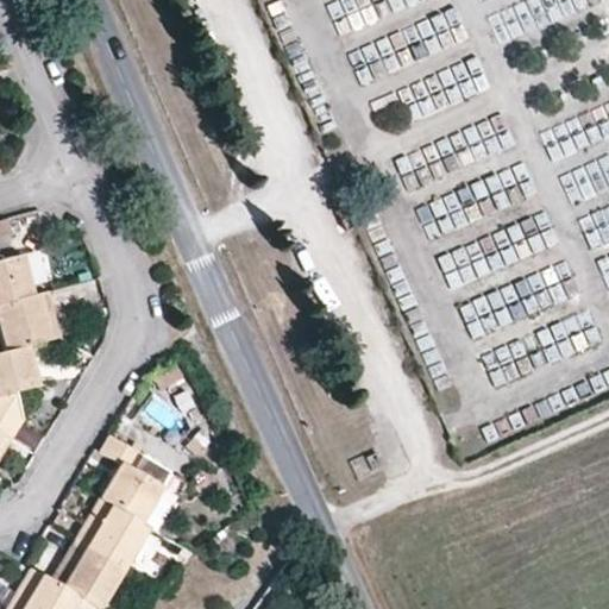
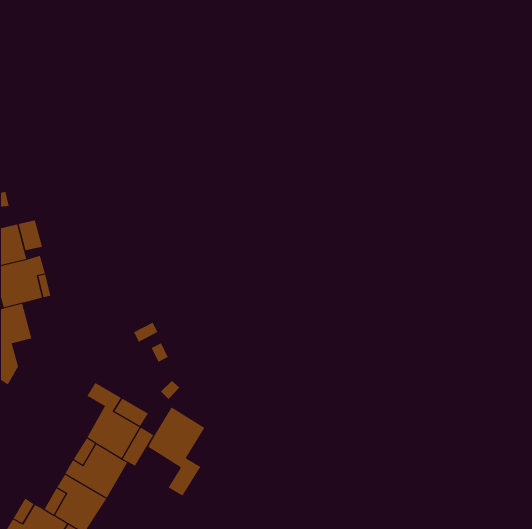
building: none -> [148,407,205,496]

